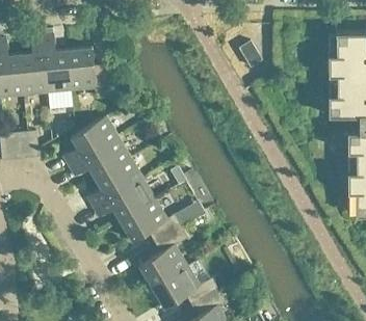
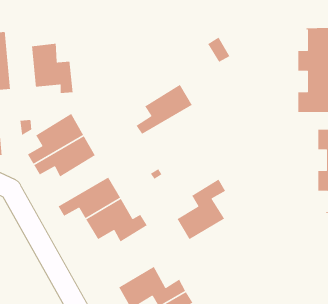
building: [42,34,71,92] -> none
building: [86,157,142,207] -> [136,84,193,135]
building: [139,225,188,286] -> [176,179,226,240]

